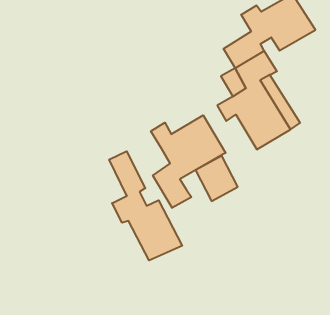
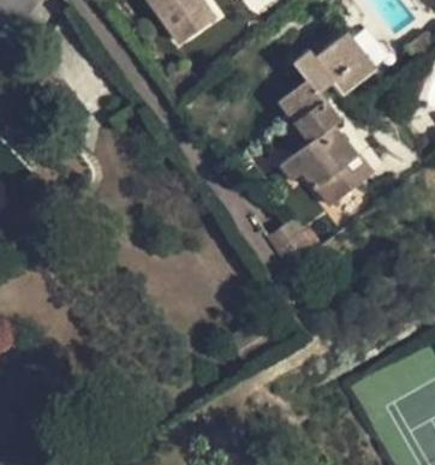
building: [151,115,226,208] -> none
building: [109,151,182,260] -> none

